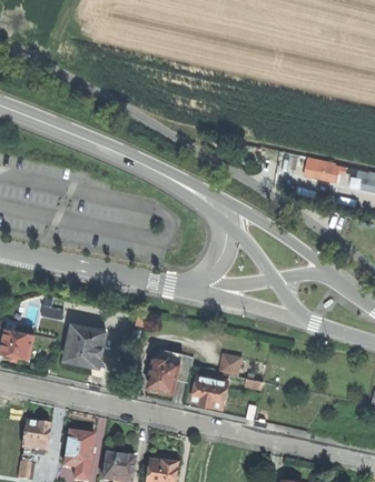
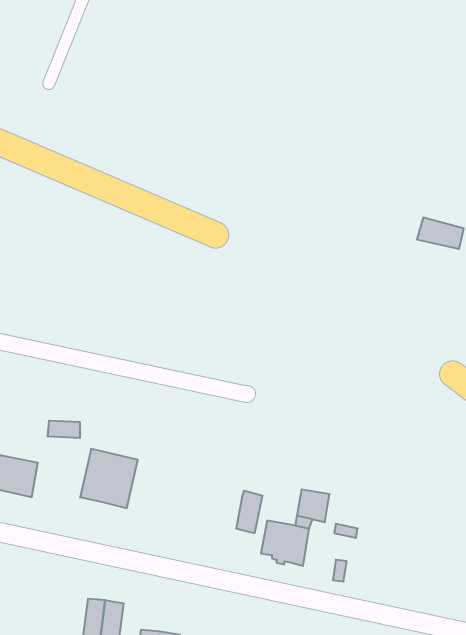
building: [148,354,178,392] -> none
building: [22,421,49,450] -> none

